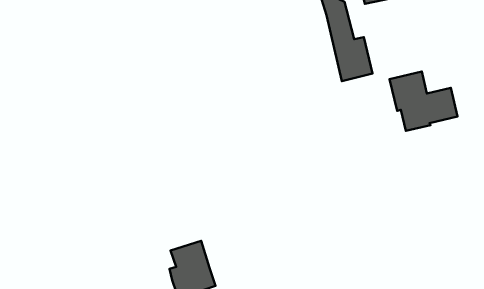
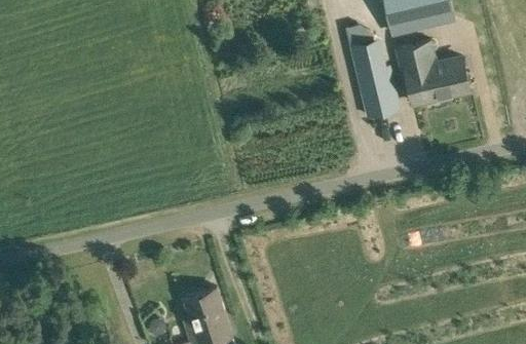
building: [389,72,457,131] -> [396,41,468,105]

